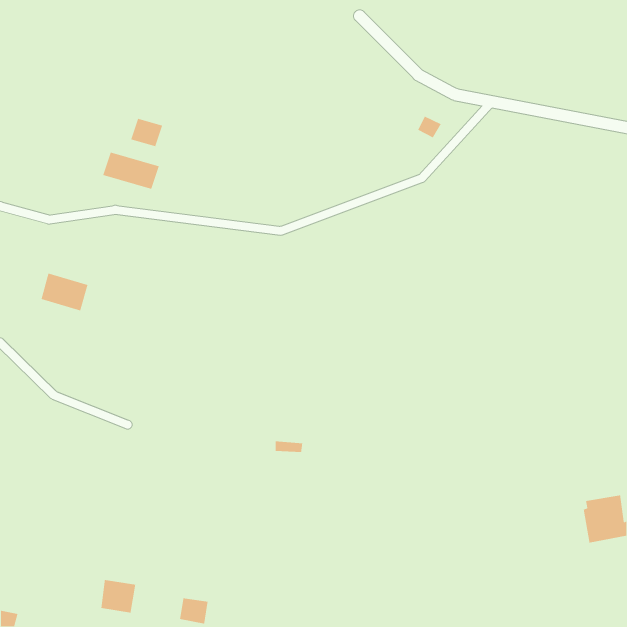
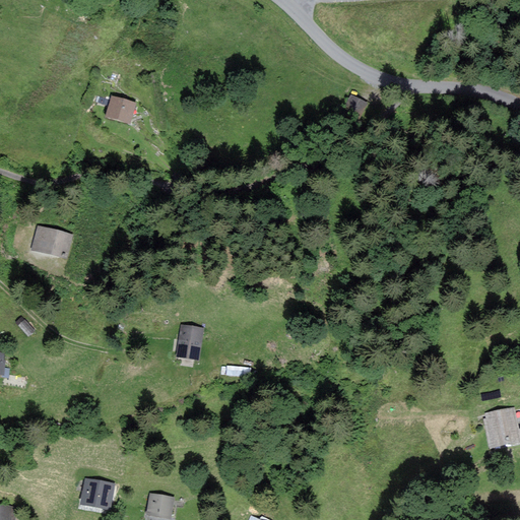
building: [102,151,160,190] -> none
building: none -> [177,324,203,360]

